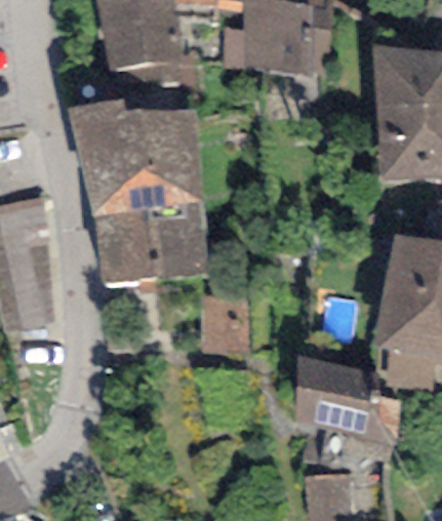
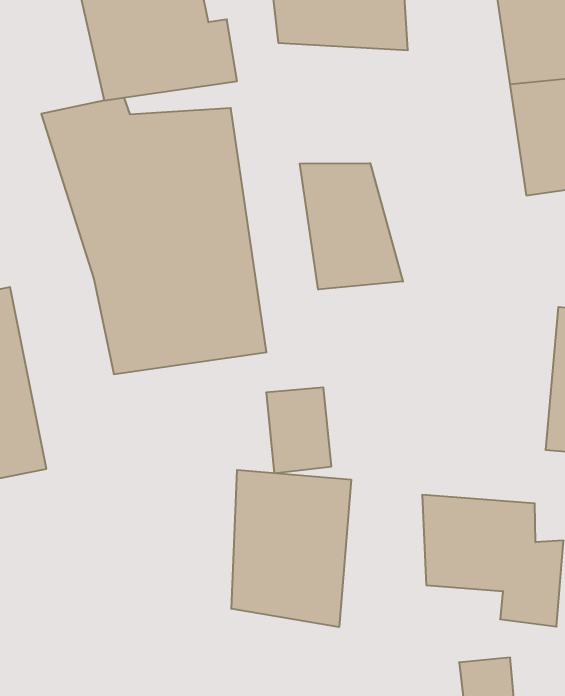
building: none -> [300,163,403,290]
building: none -> [231,470,351,627]

